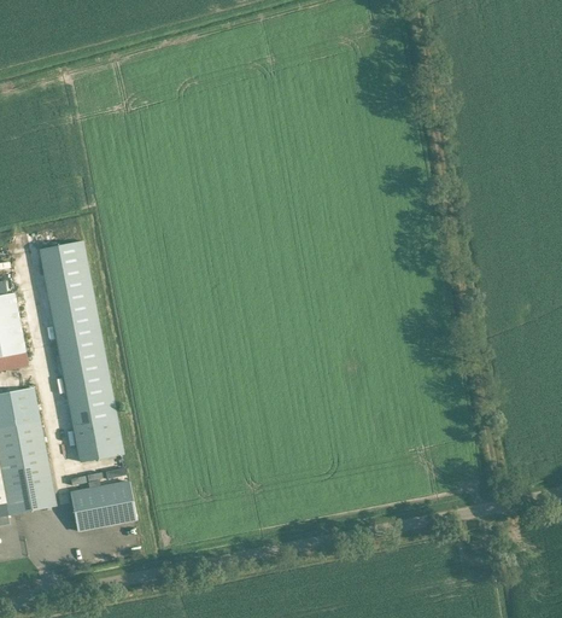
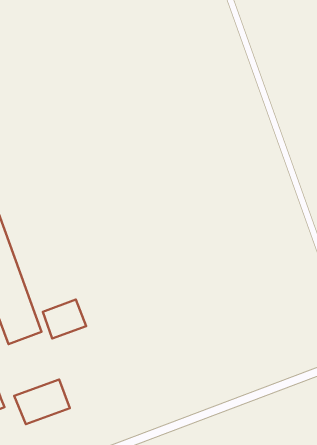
building: [74,419,124,462] -> [43,299,86,339]

